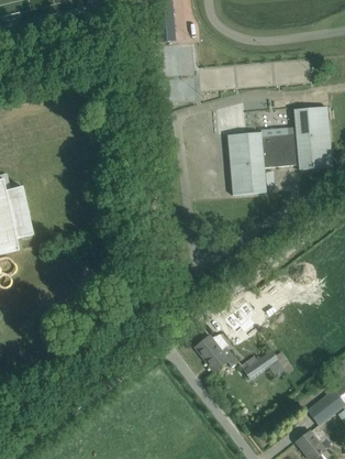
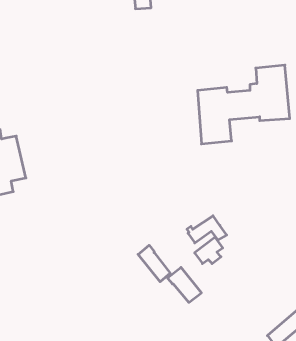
building: none -> [138,245,170,282]
building: [241,348,286,379] -> [187,216,227,243]

